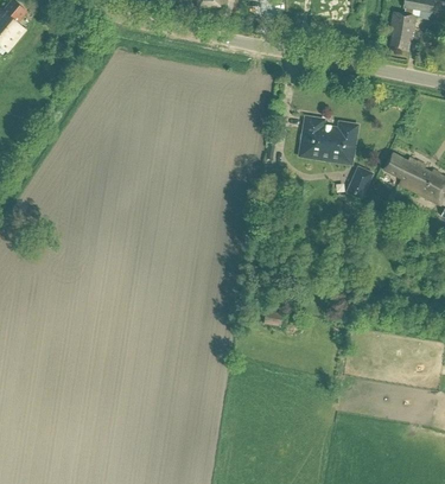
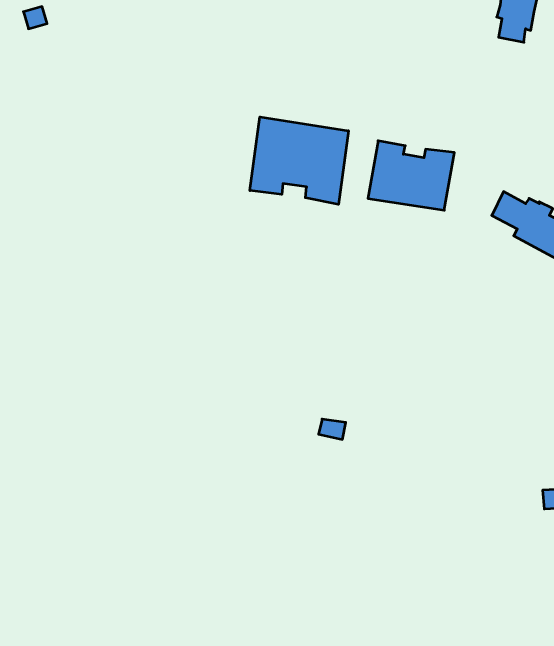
building: none -> [250,117,348,204]
building: [347,165,374,199] -> none

